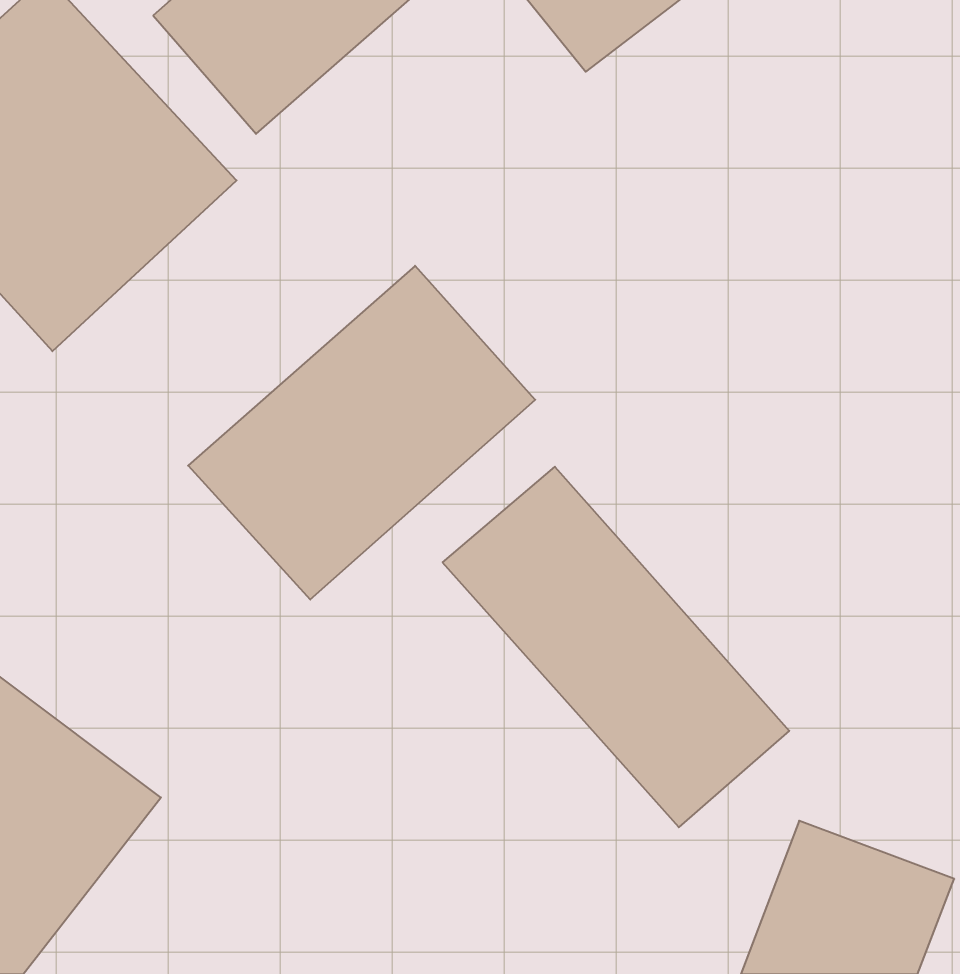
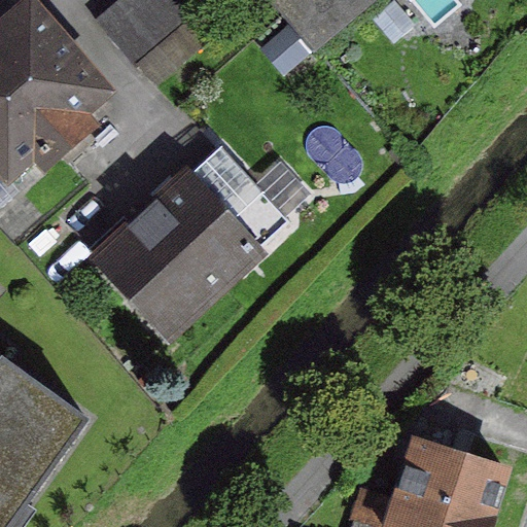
building: [443,467,789,827] -> none

